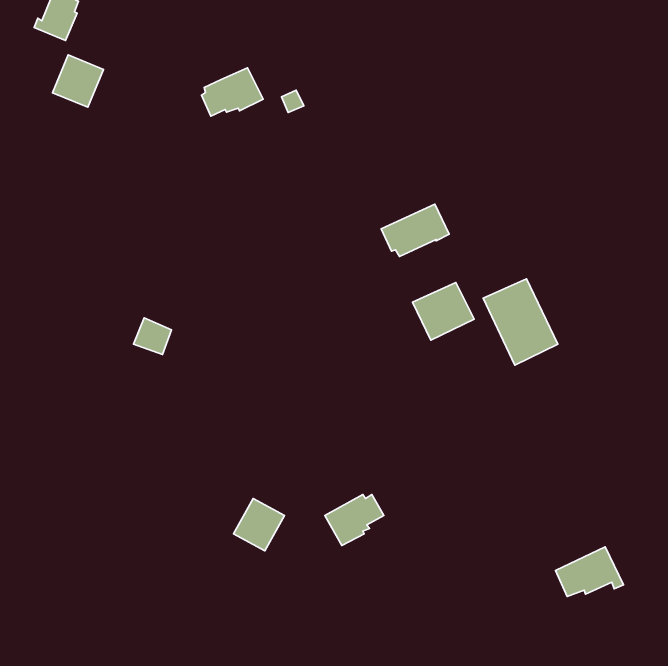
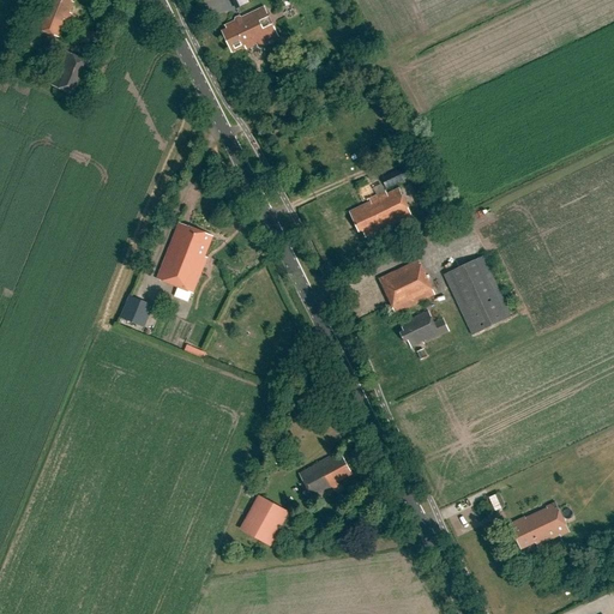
building: [202,68,263,116] -> [222,6,278,50]
building: none -> [156,222,212,293]
building: none -> [399,309,449,347]
building: [233,499,285,551] -> [240,495,287,543]

